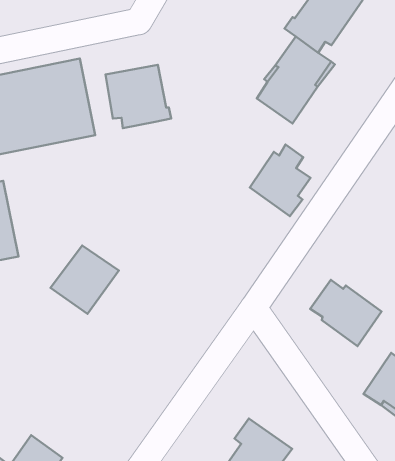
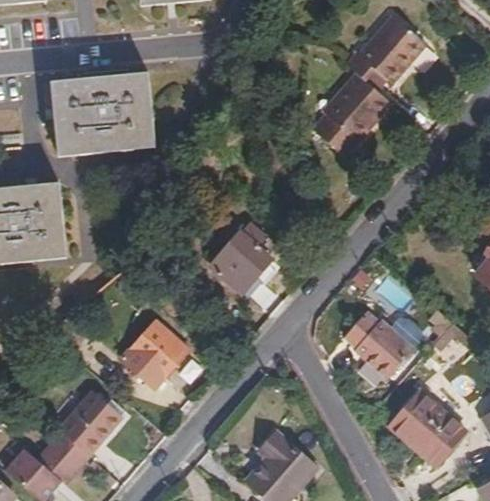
building: [106,65,171,128] -> none
building: [250,145,311,216] -> [210,227,270,297]
building: [51,245,119,314] -> [122,322,190,389]
building: none -> [60,393,126,455]

